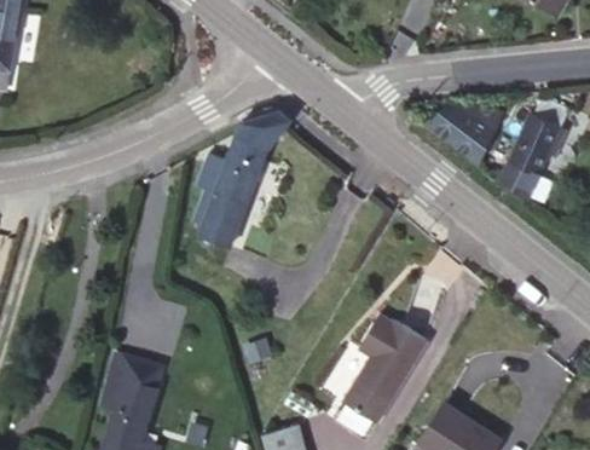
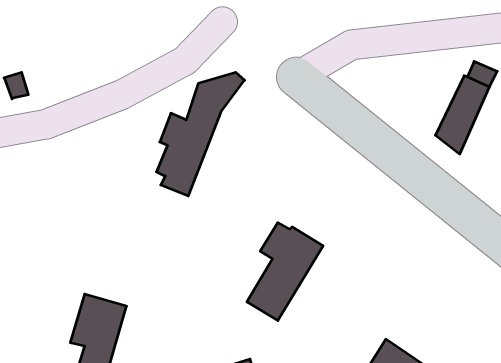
building: [429,102,499,163] -> none
building: [343,317,427,425] -> [247,223,323,321]

